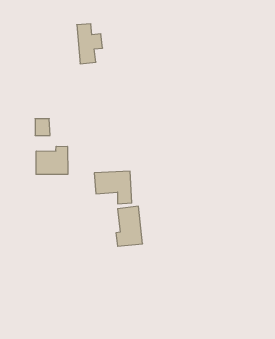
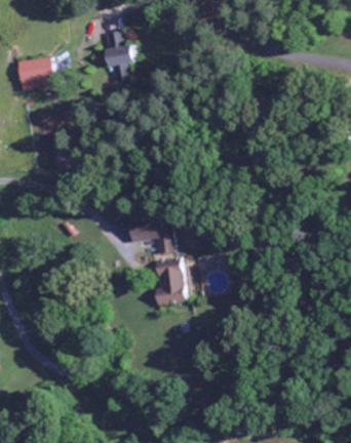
building: none -> [18,58,53,89]
building: [36,146,68,174] -> none

